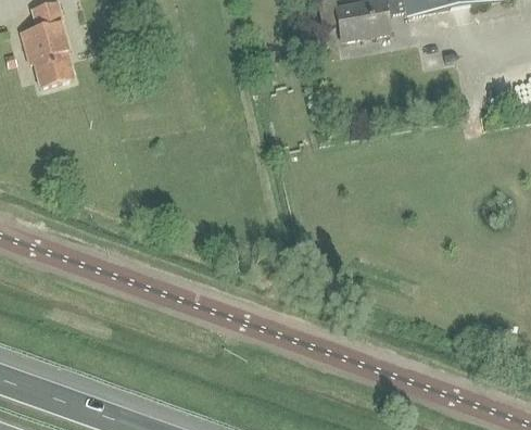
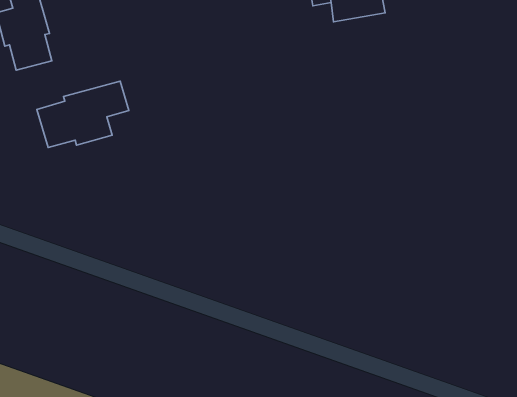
building: none -> [37,81,129,148]

